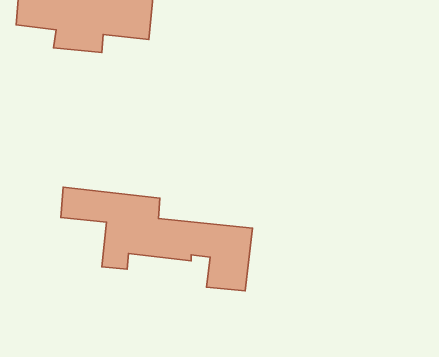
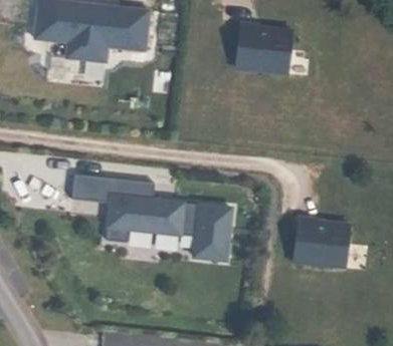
building: none -> [236,24,292,74]
building: none -> [293,218,350,268]

